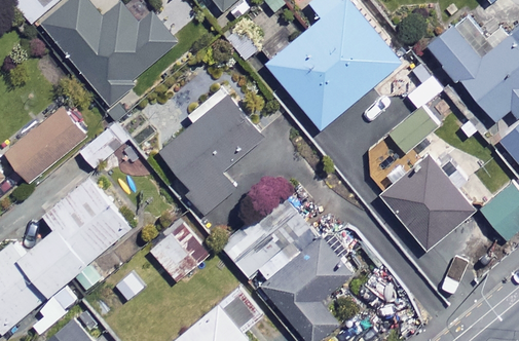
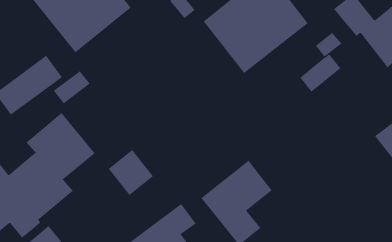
building: [160,85,265,226] -> none
building: [381,158,472,249] -> none
building: [221,194,318,278] -> none

